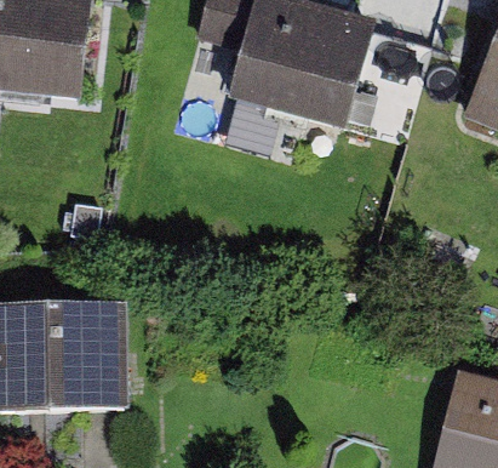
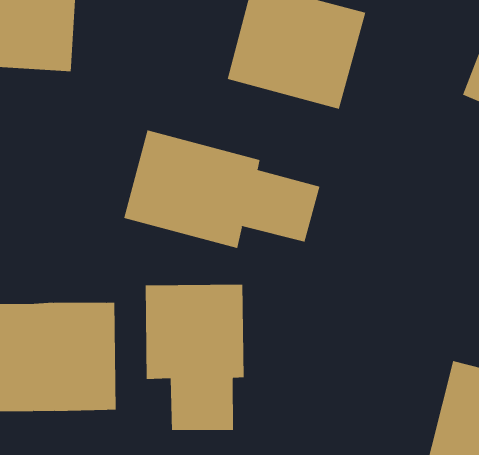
building: none -> [124,129,320,249]
building: none -> [145,284,244,431]

